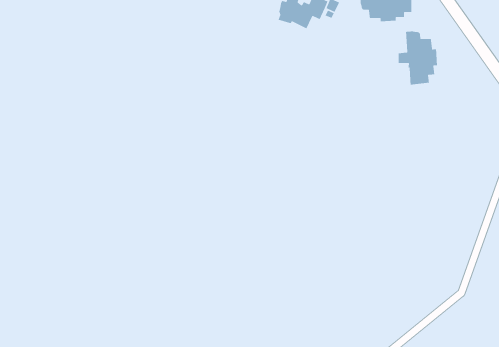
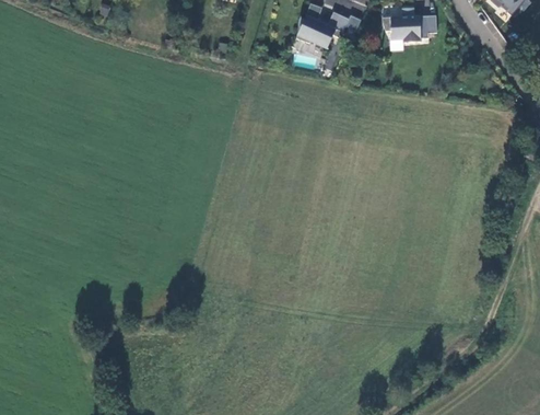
building: [398,31,438,85] -> none

